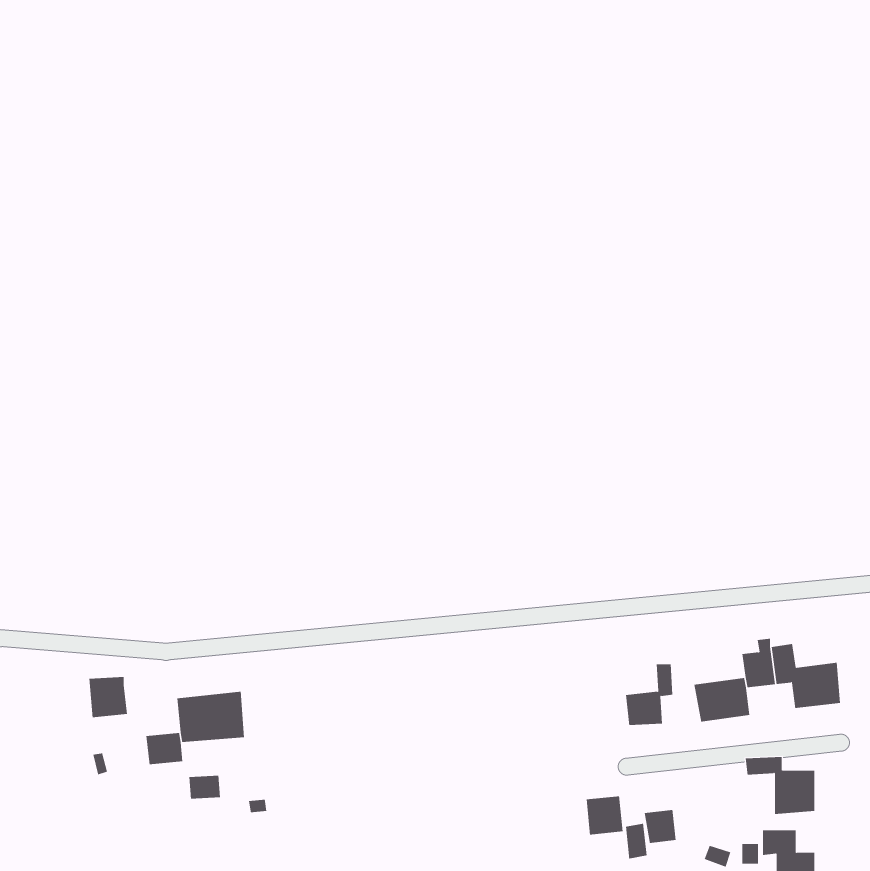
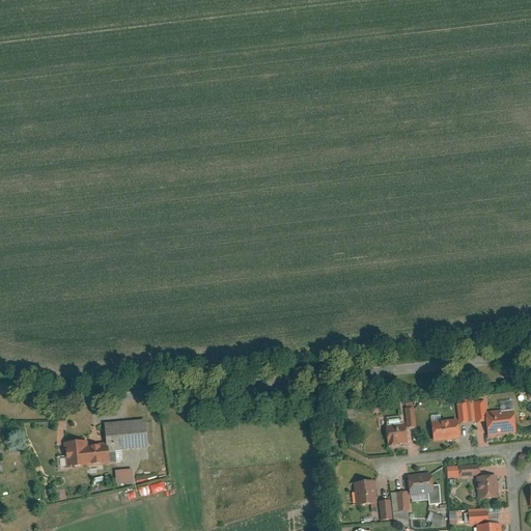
building: [89,677,128,718] -> [69,443,93,468]
building: none -> [412,474,436,496]

